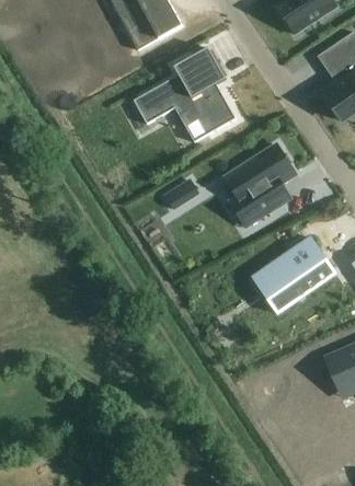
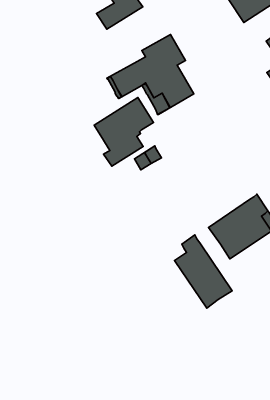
building: [224,143,294,224] -> [94,98,154,166]
building: none -> [174,235,232,308]

